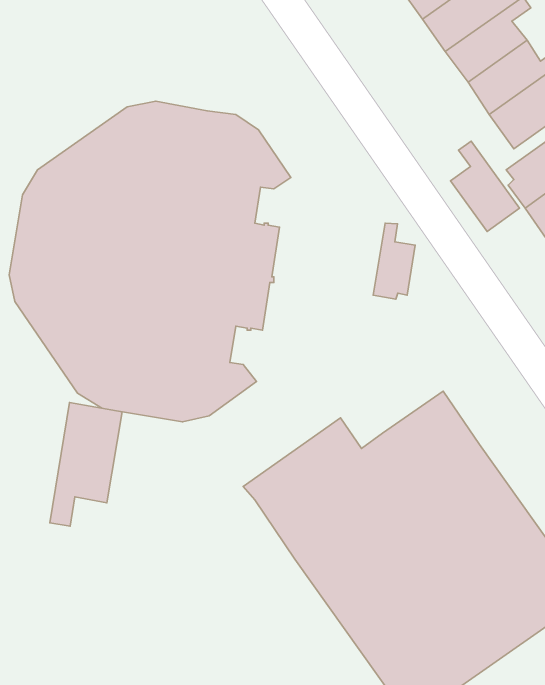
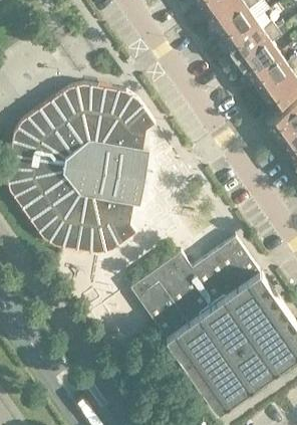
building: [450,141,520,231] -> none
building: [373,223,415,299] -> none
building: [50,403,122,526] -> none

